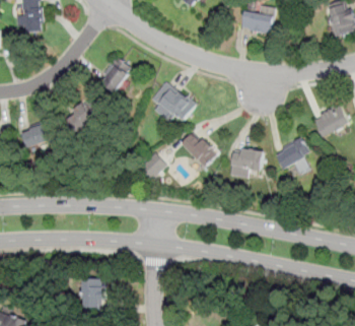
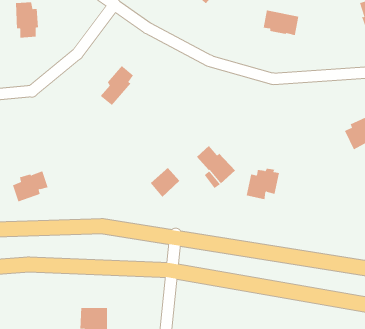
building: [151,90,193,126] -> none
building: [66,103,100,131] -> none
building: [22,119,55,147] -> [12,170,48,202]
building: [278,137,309,168] -> none

